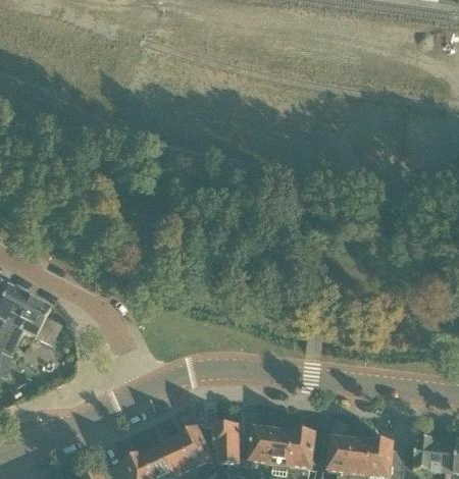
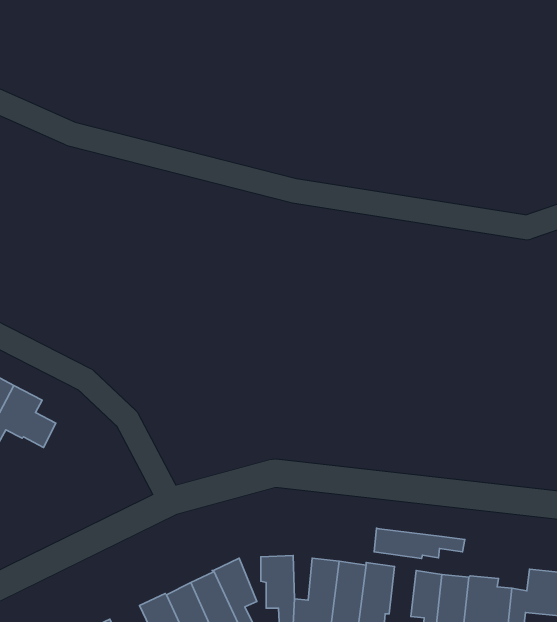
building: none -> [374,528,465,558]

